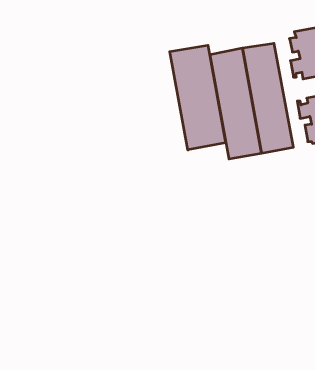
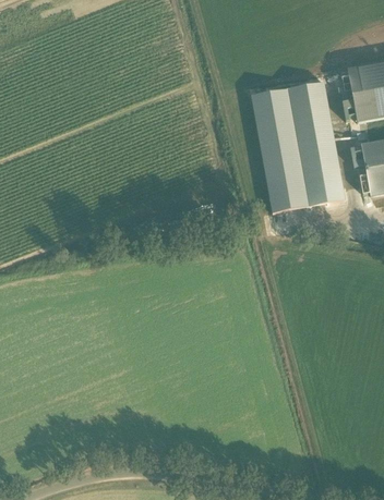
building: [170,45,226,150] -> none

